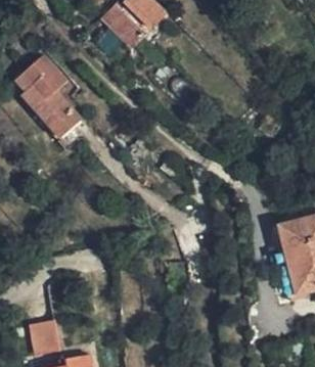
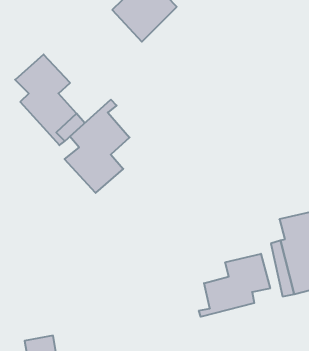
building: none -> [65,100,130,193]
building: none -> [199,254,270,317]

